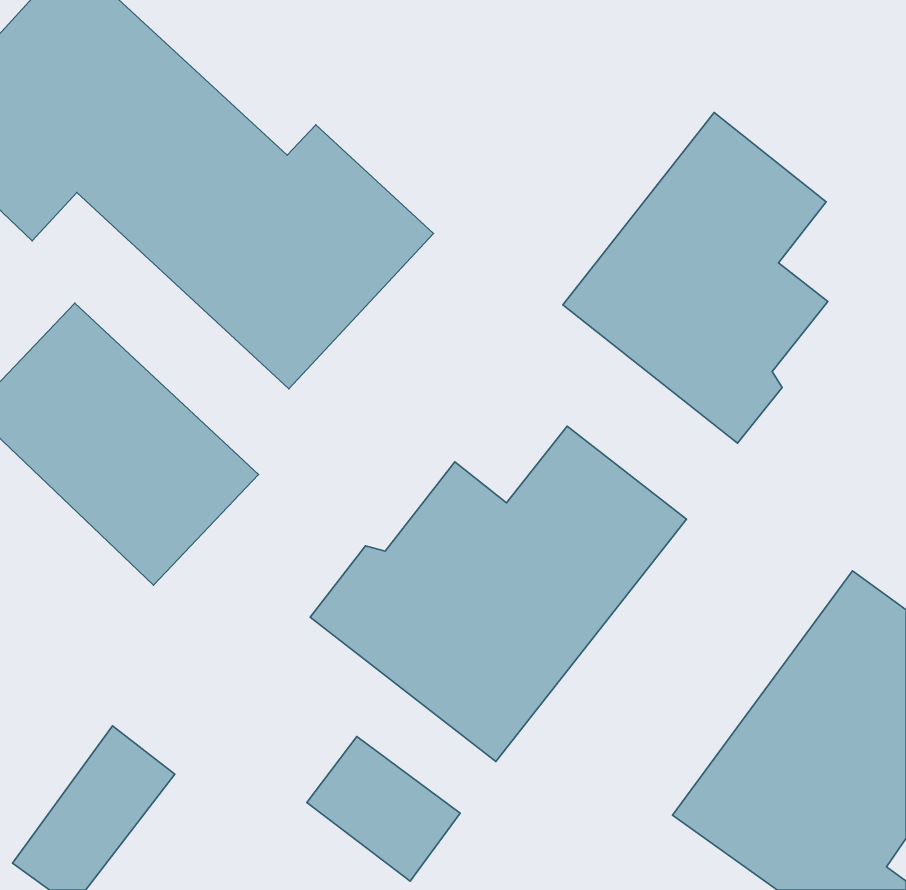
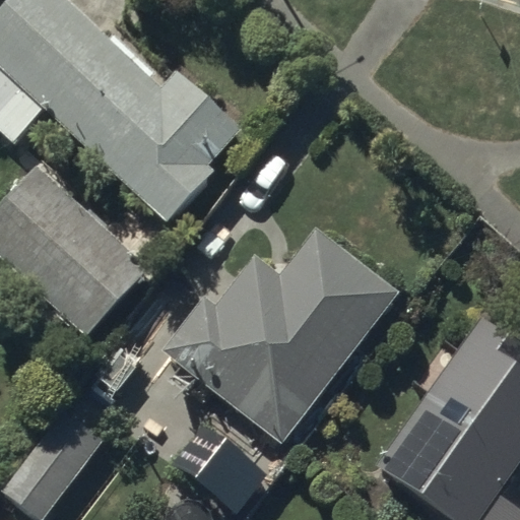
building: [563,113,828,443] -> none

